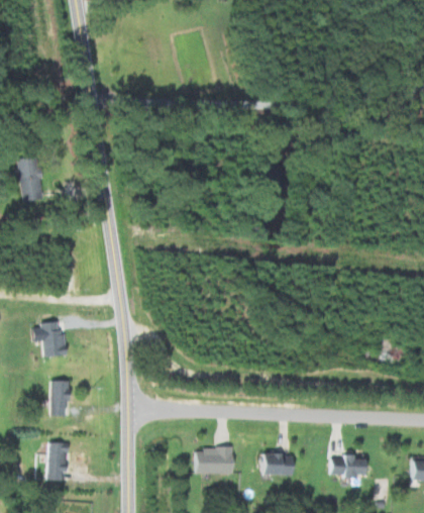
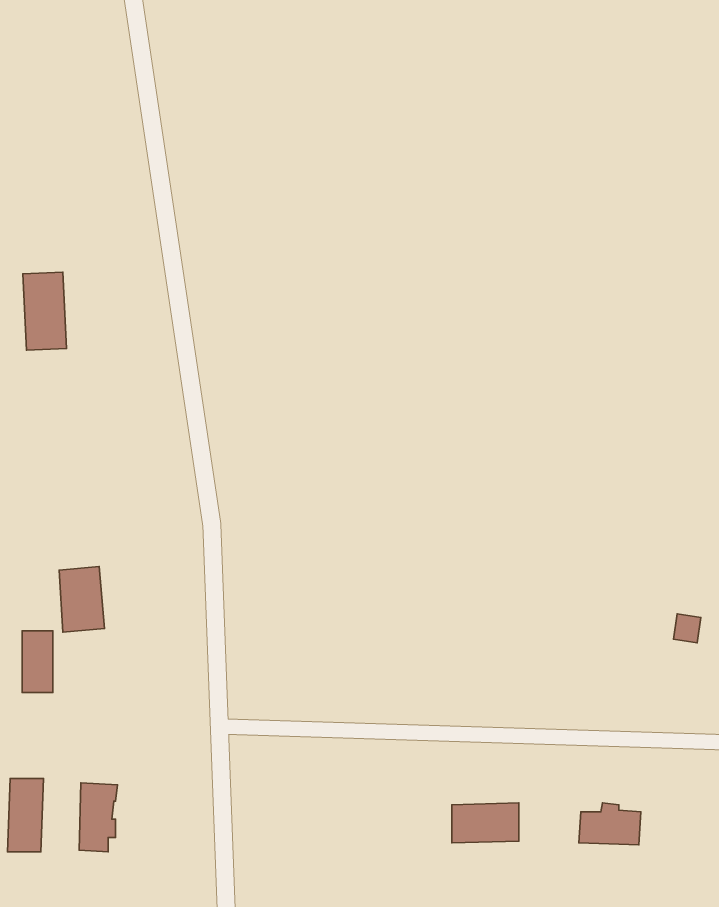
building: [49,381,67,415] -> [22,631,53,693]
building: none -> [8,779,43,852]
building: [194,447,234,474] -> none

